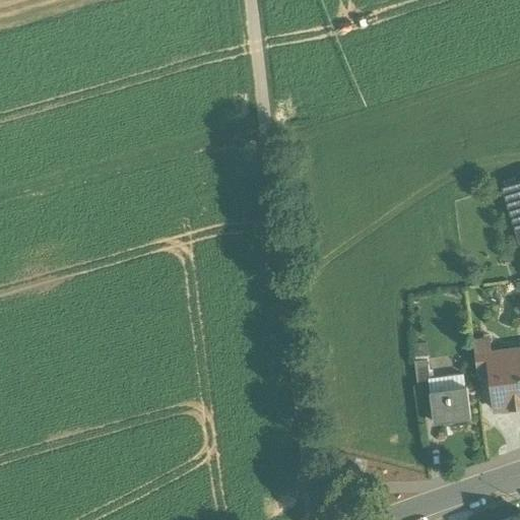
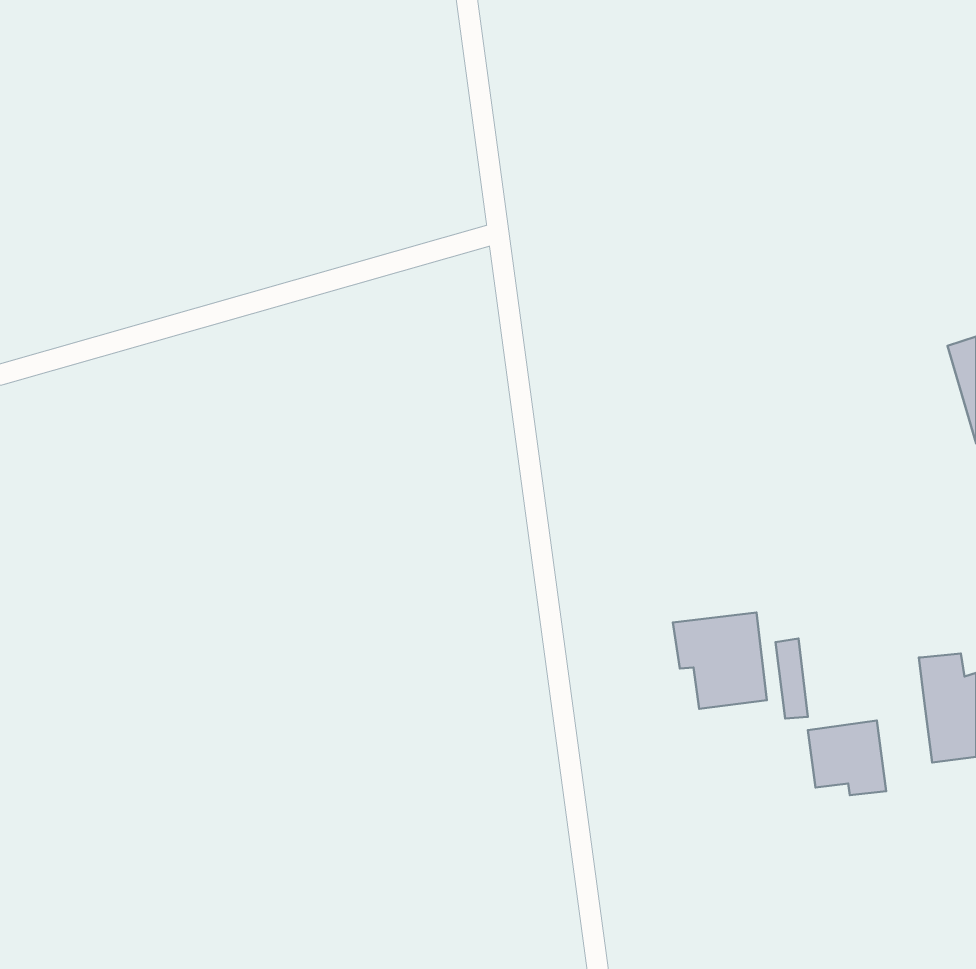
building: none -> [673,612,767,709]
building: [472,336,492,375] -> none

